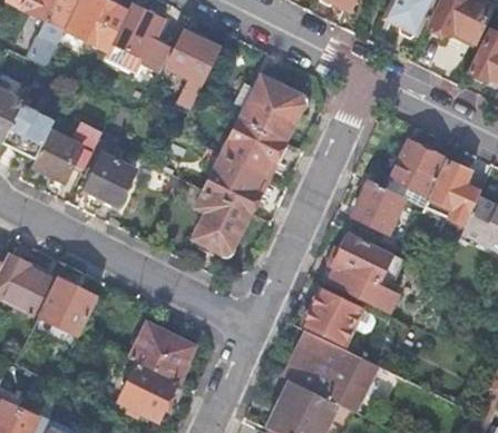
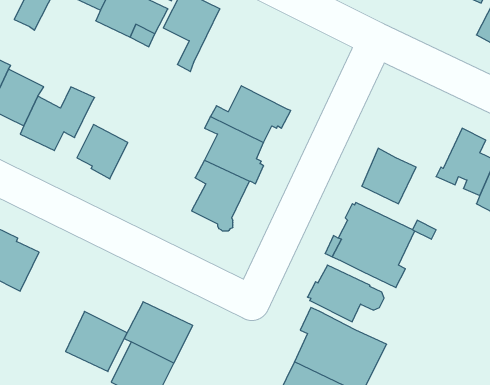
building: [241,75,310,141] -> none
building: [388,140,445,205] -> none
building: [40,277,98,334] -> [66,311,127,372]

